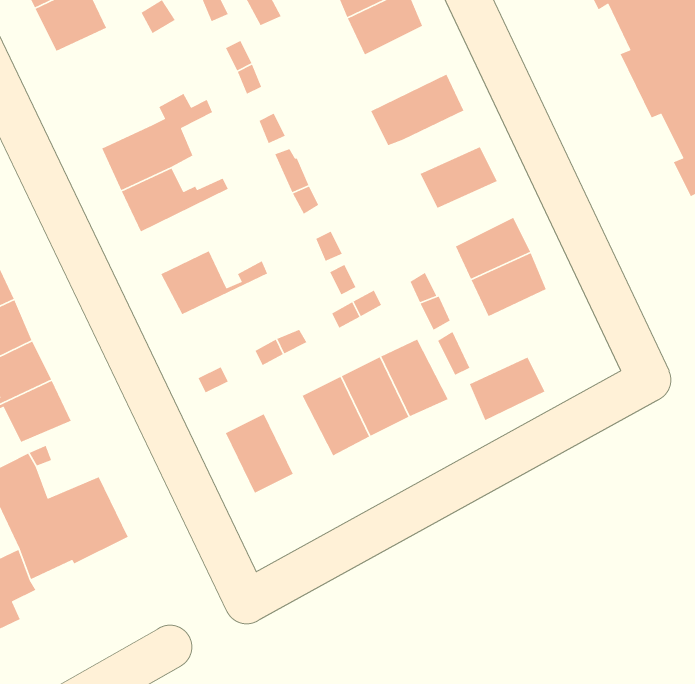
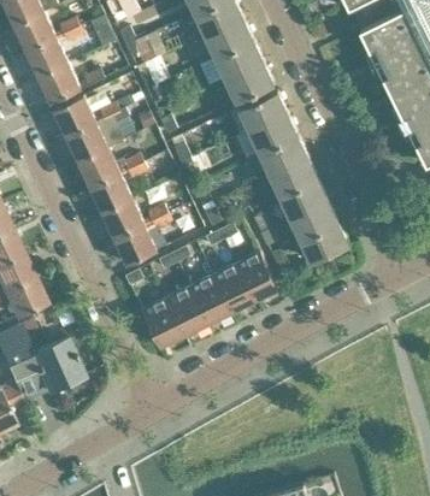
building: none -> [225,61,272,101]
building: none -> [36,63,104,105]
building: none -> [52,95,95,136]
building: none -> [249,113,296,152]
building: none -> [270,157,317,196]
building: none -> [88,161,147,213]
building: none -> [113,213,171,265]
building: [469,356,546,421] -> [301,223,348,262]
building: none -> [164,288,206,336]

